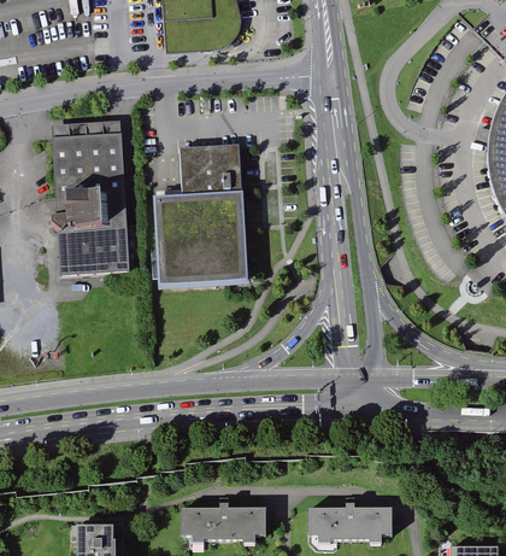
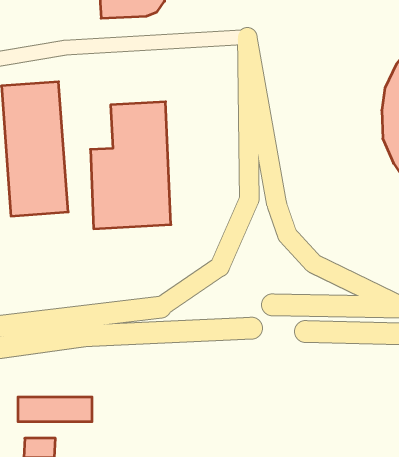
building: [181,507,265,534] -> [18,397,92,422]
building: [307,508,392,535] -> none

